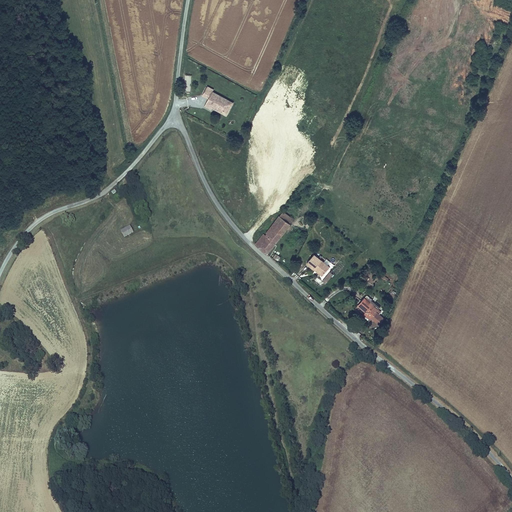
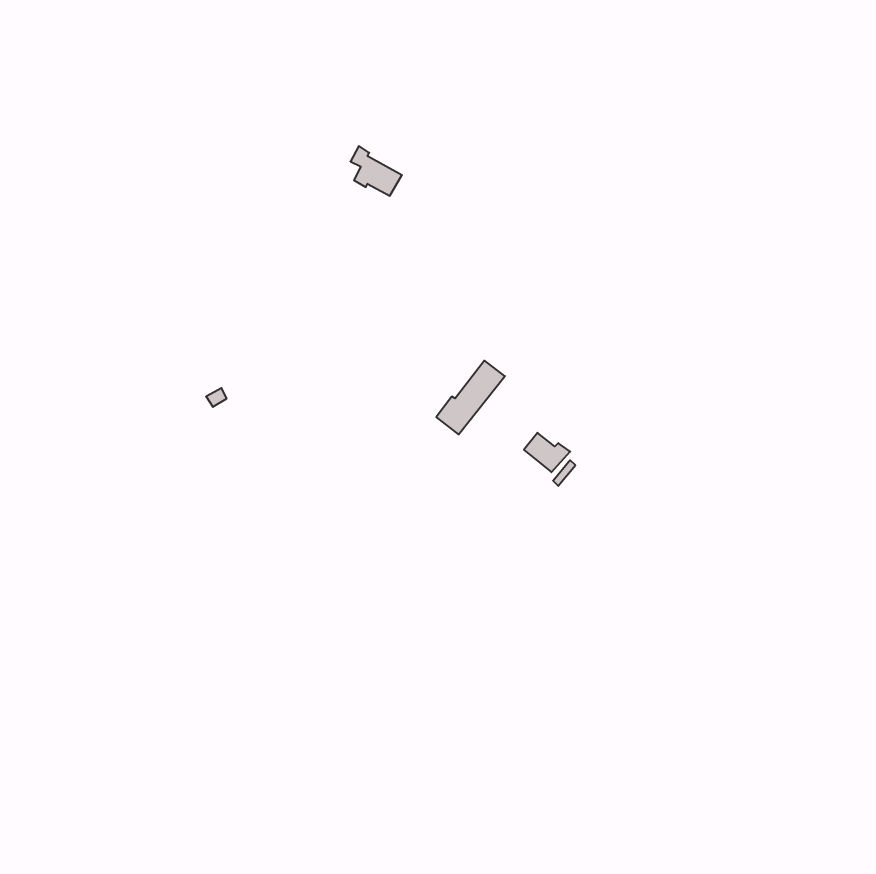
building: [355,296,385,327] -> none

